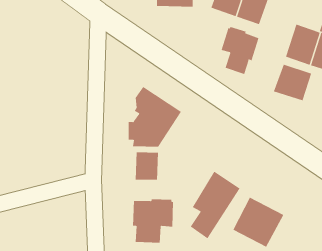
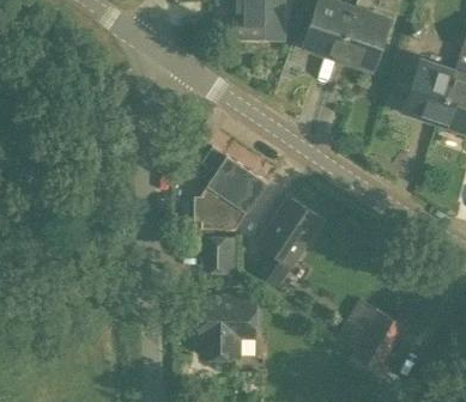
building: [221,26,259,75] -> none
building: [273,64,312,101] -> none
building: [190,171,241,239] -> [255,195,323,287]

